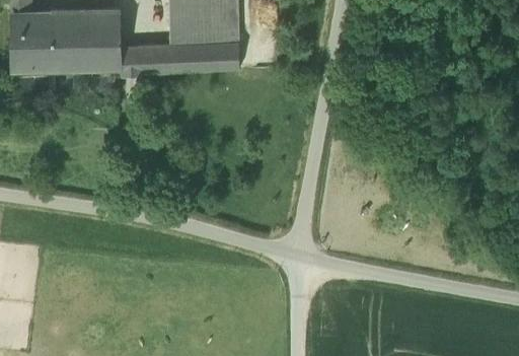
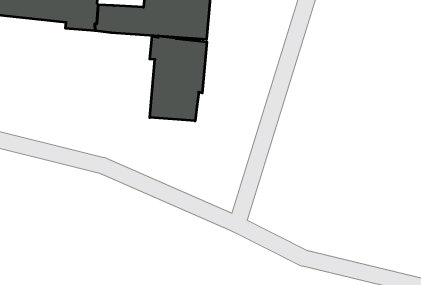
building: none -> [150,36,207,121]

